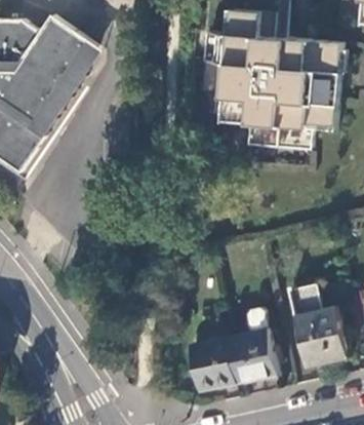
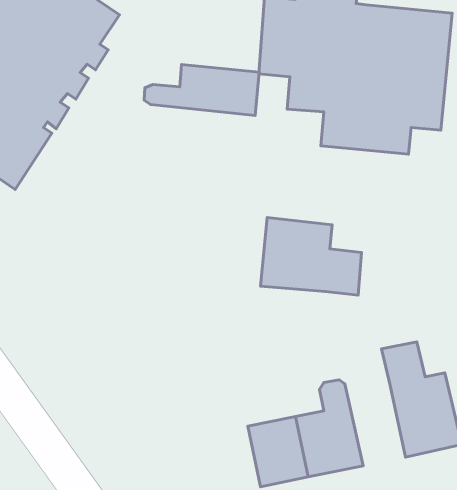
building: none -> [144,65,259,115]
building: none -> [261,218,362,295]

